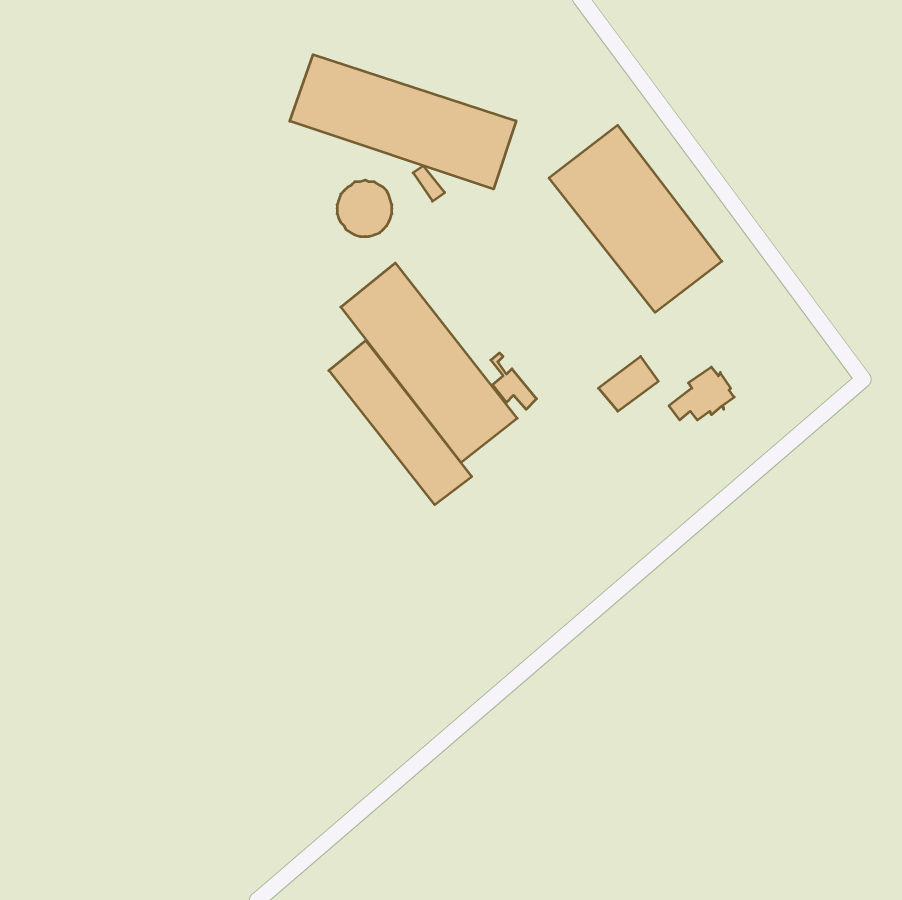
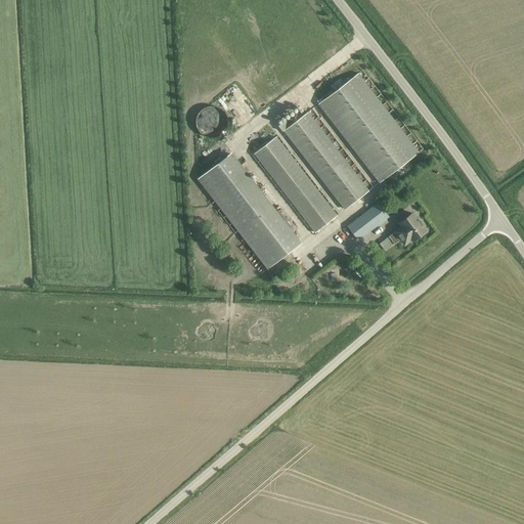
building: [290,55,516,189] -> none
building: none -> [285,112,368,209]
building: [329,341,472,505] -> [254,136,337,231]

